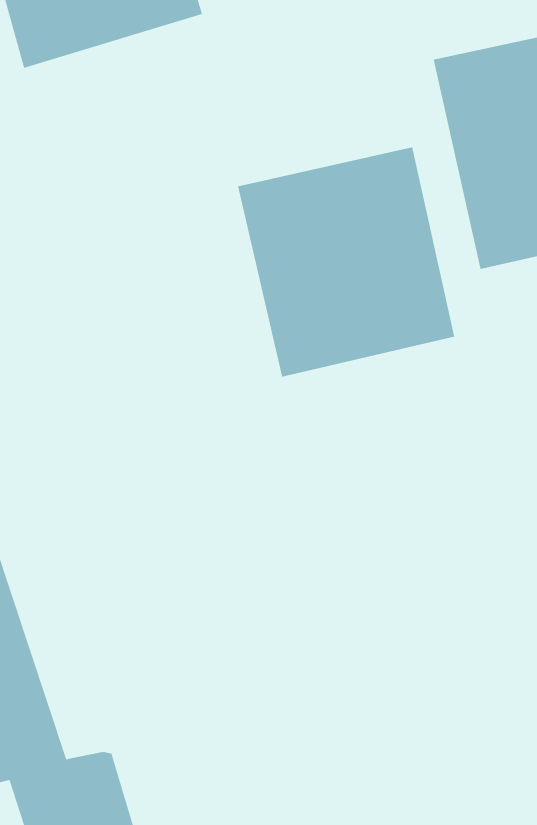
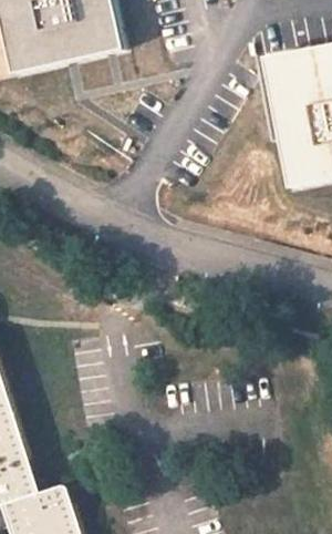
building: [237,146,455,378] -> none

